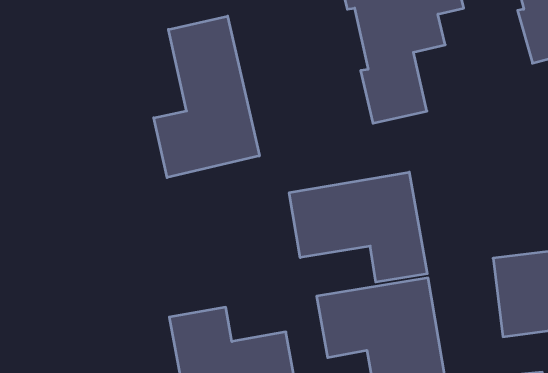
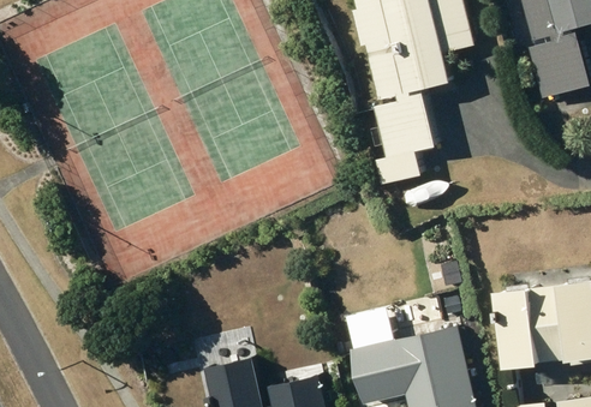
building: [154,16,259,178] -> none
building: [289,172,427,282] -> none

